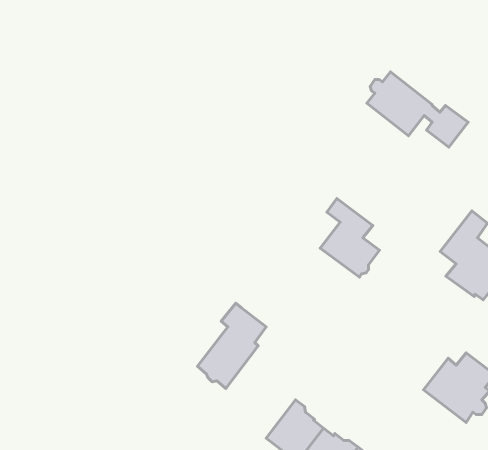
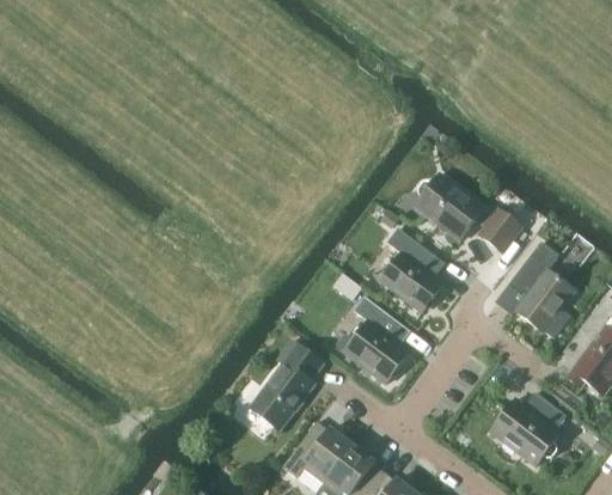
building: [367,72,468,147] -> [415,172,522,252]
building: none -> [344,295,410,383]
building: none -> [282,420,354,482]

